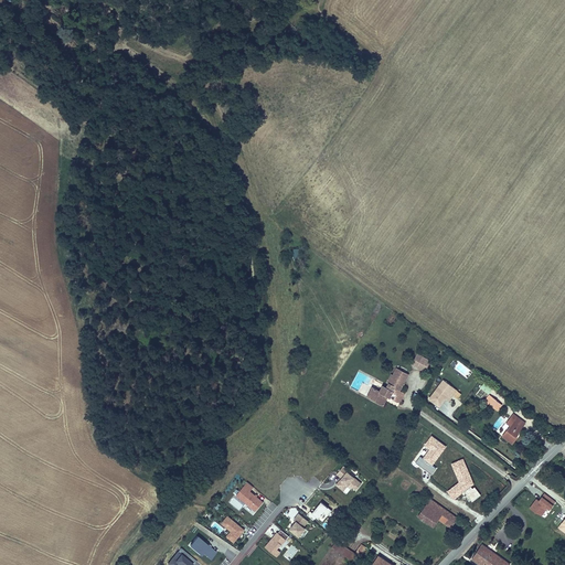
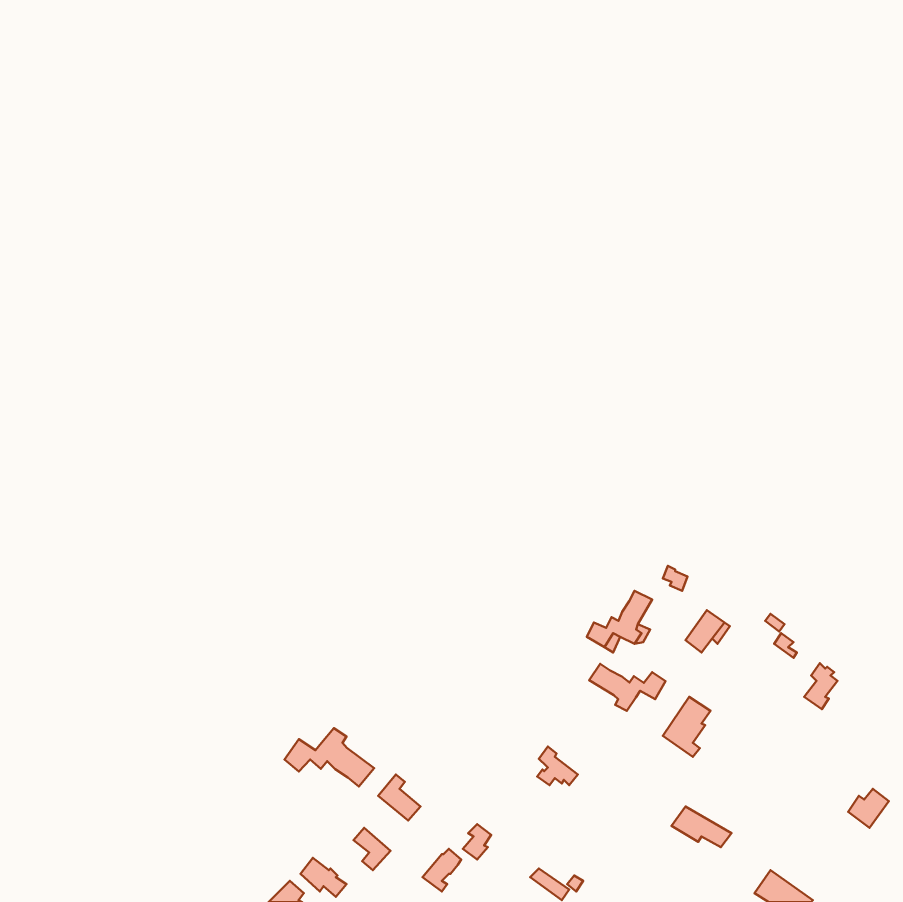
building: none -> [589,664,665,711]
building: none -> [284,728,374,786]
building: [448,458,481,499] -> none

